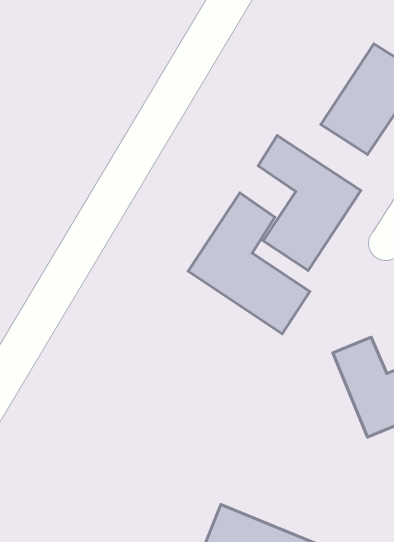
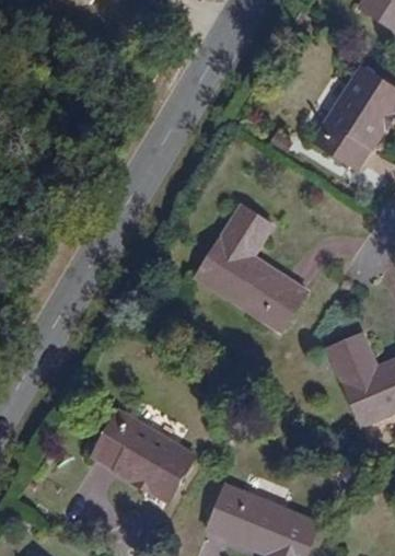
building: [258,135,361,271] -> none
building: none -> [90,409,193,498]

